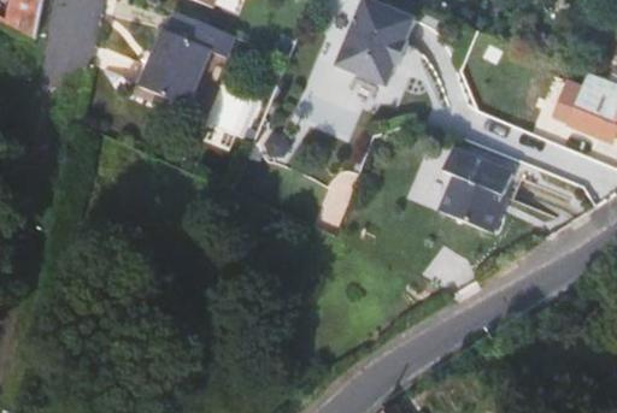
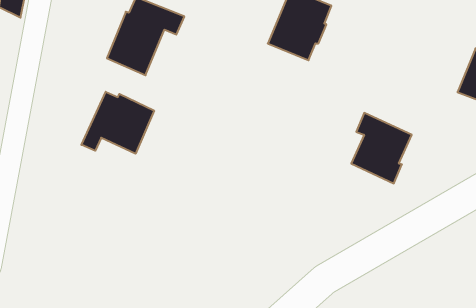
building: none -> [81,92,154,154]

